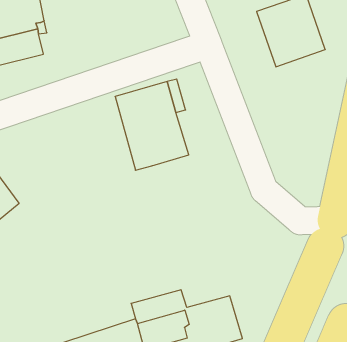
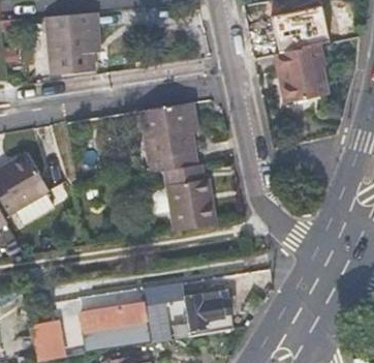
building: none -> [173,169,223,236]

